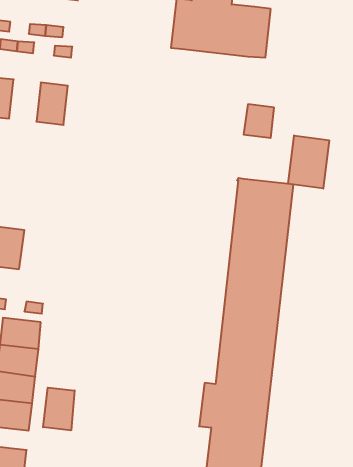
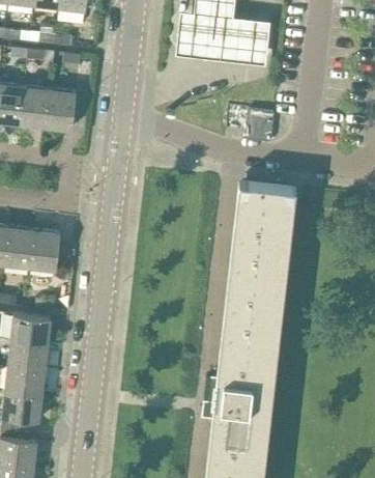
building: none -> [22,86,52,126]
building: [288,135,329,189] -> none
building: none -> [31,230,62,271]
building: [43,388,75,430] -> none

